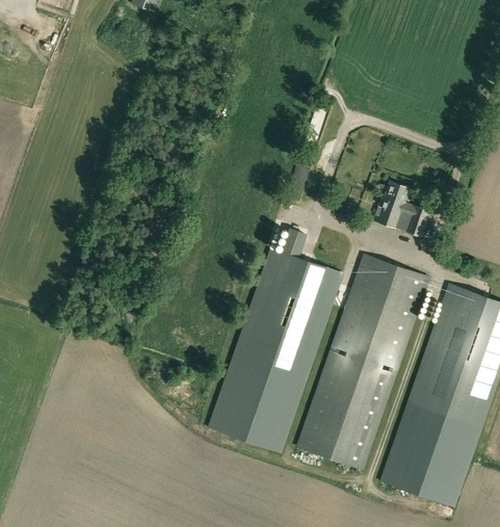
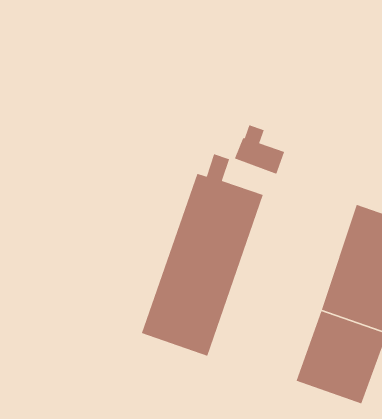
building: [373,181,430,237] -> [234,124,285,175]
building: [297,255,428,468] -> none

